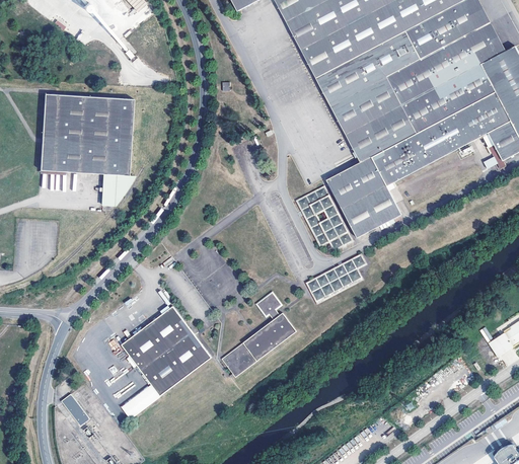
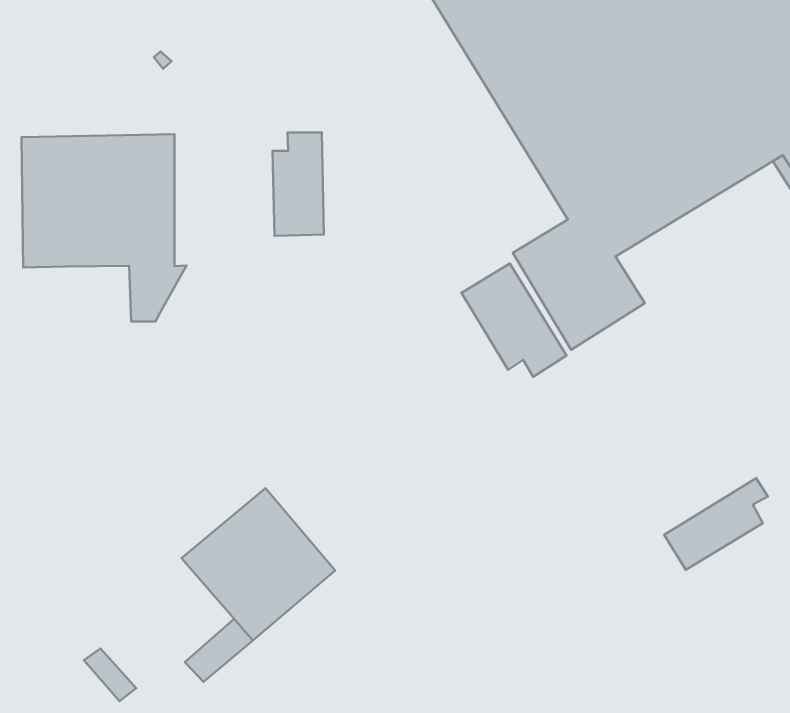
building: none -> [272,133,324,236]
building: [305,253,367,304] -> [664,478,768,570]
building: [220,292,296,378] -> none

